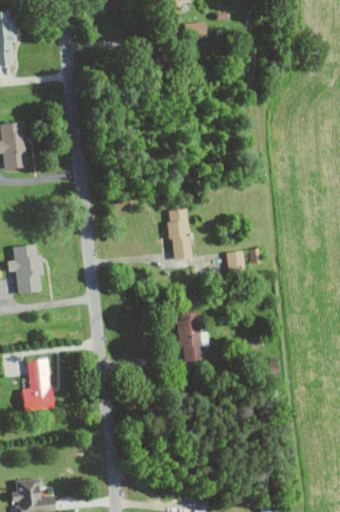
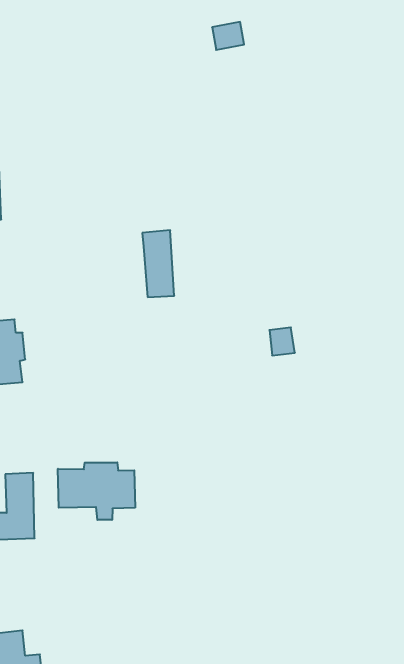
building: [168,209,192,259] -> [142,230,174,297]
building: [178,312,201,360] -> none
building: none -> [58,462,135,520]

